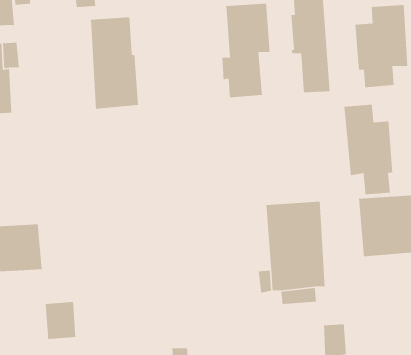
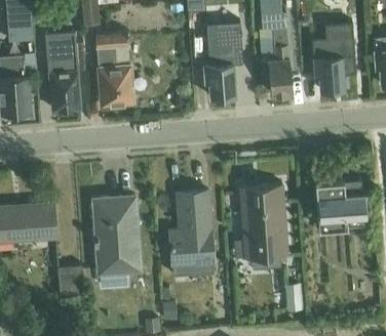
building: none -> [45,32,82,113]
building: [344,104,393,195] -> none
building: none -> [168,190,216,275]
building: none -> [91,195,143,287]

